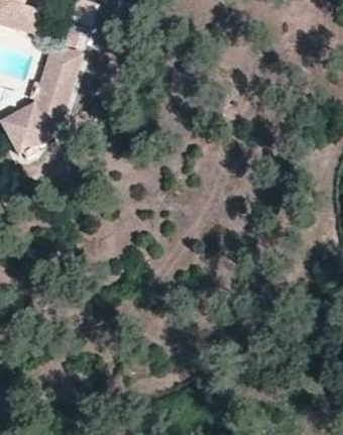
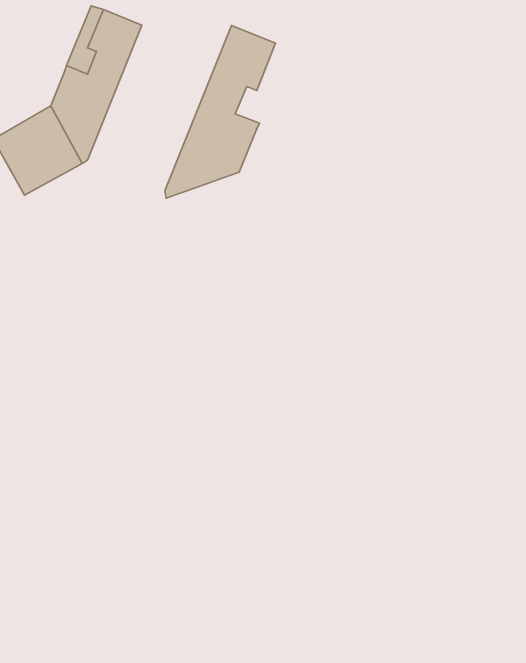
building: none -> [165,26,276,198]

